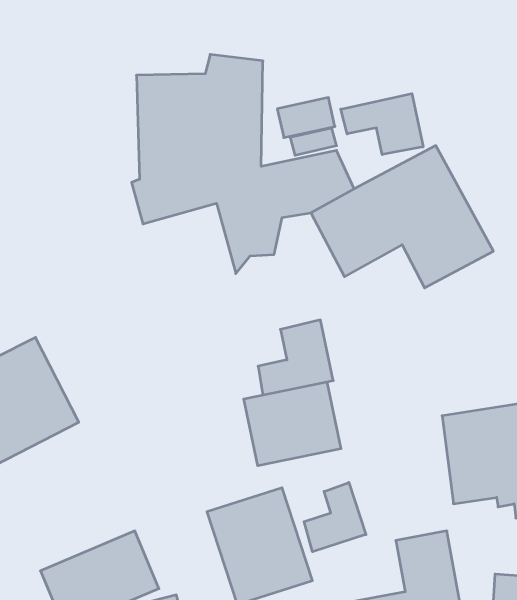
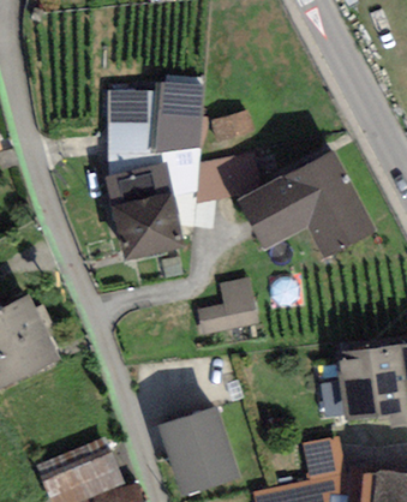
building: [341,94,423,155] -> none
building: none -> [112,191,181,259]
building: [244,382,341,466] -> none
building: [304,482,366,552] -> none

